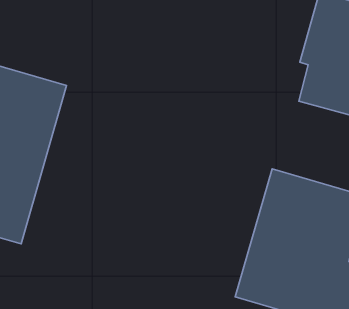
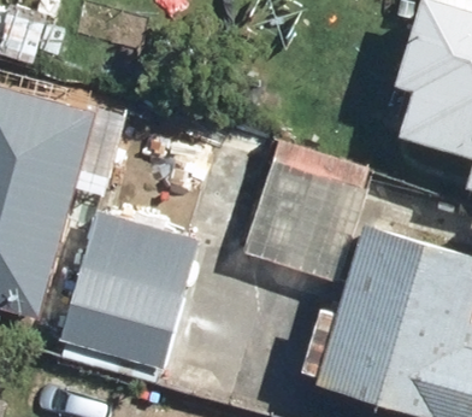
building: none -> [244,159,370,282]
building: none -> [60,211,200,369]

